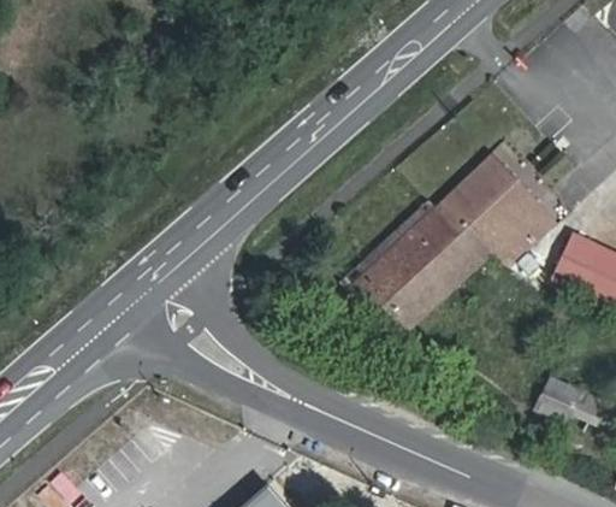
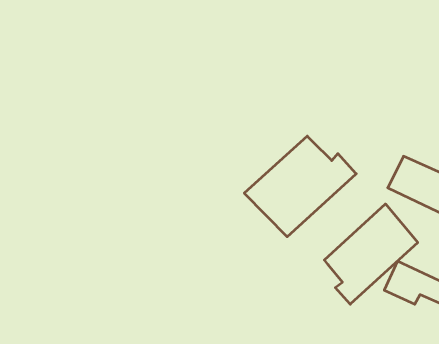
building: [439,158,552,263] -> none
building: none -> [324,204,418,304]

